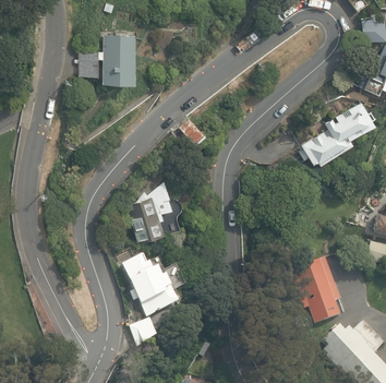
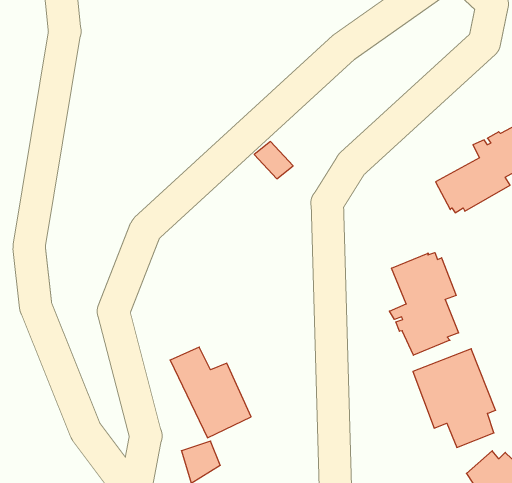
building: [80,34,135,83] -> none
building: [130,180,182,242] -> none
building: none -> [389,253,459,355]

